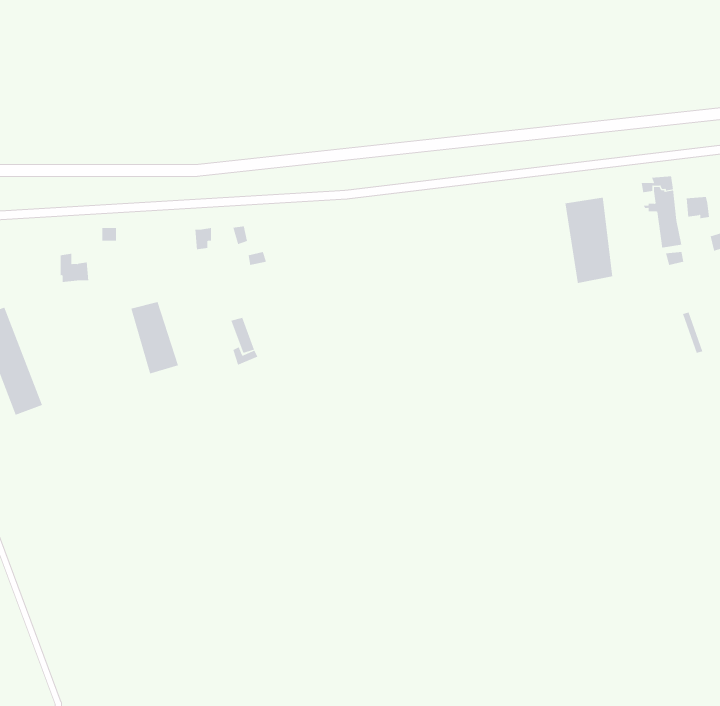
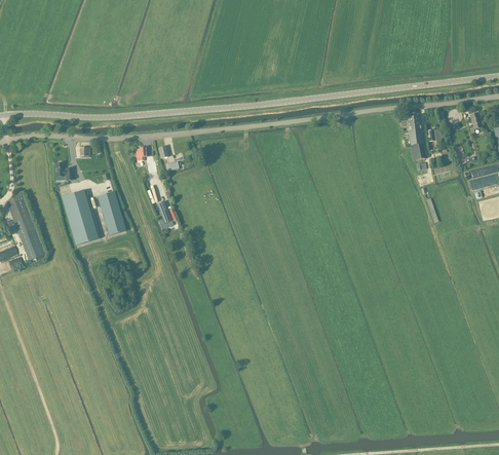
building: [565,197,613,284] -> none
building: none -> [62,189,100,244]

